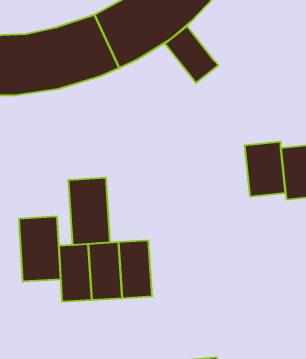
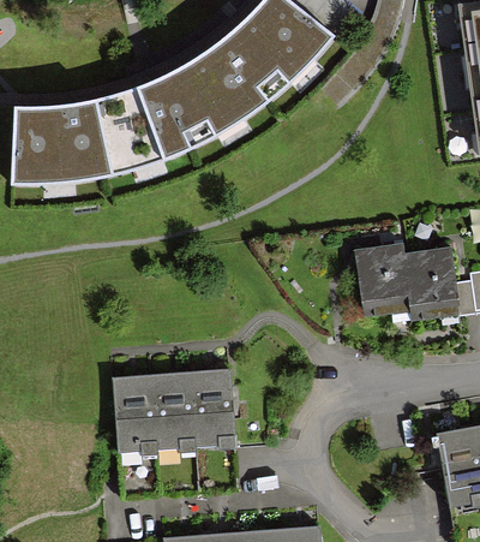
building: [165,26,218,83] -> none
building: [68,177,110,245] -> none
building: [19,216,61,282] -> none

